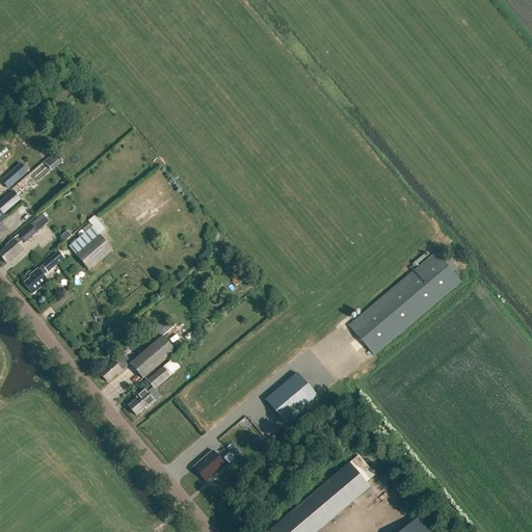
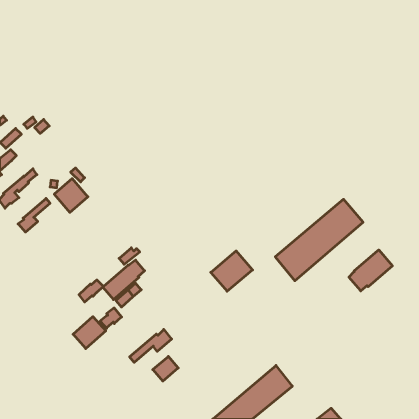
building: none -> [349,250,392,291]
building: [264,372,317,423] -> [211,251,253,291]
building: none -> [73,317,106,349]
building: none -> [130,329,172,362]

